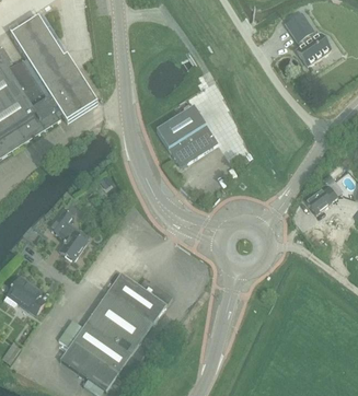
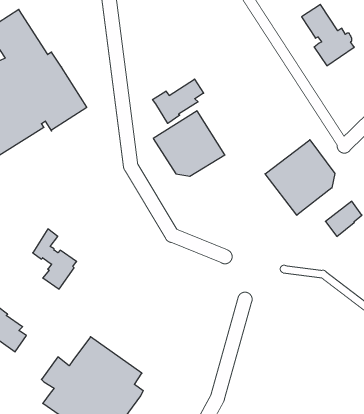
building: none -> [153,79,204,123]
building: none -> [265,140,335,215]
building: [101,271,172,333] -> none

